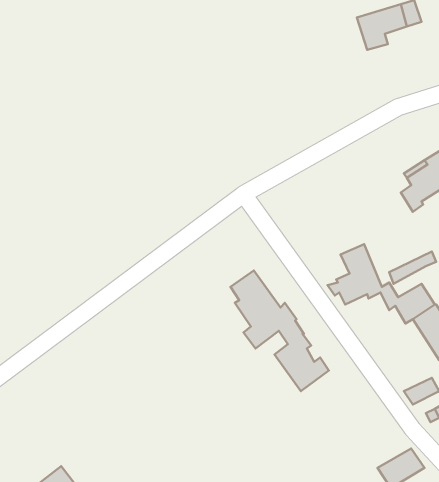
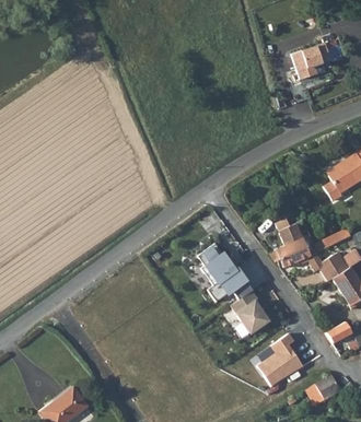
building: none -> [257,332,303,386]

